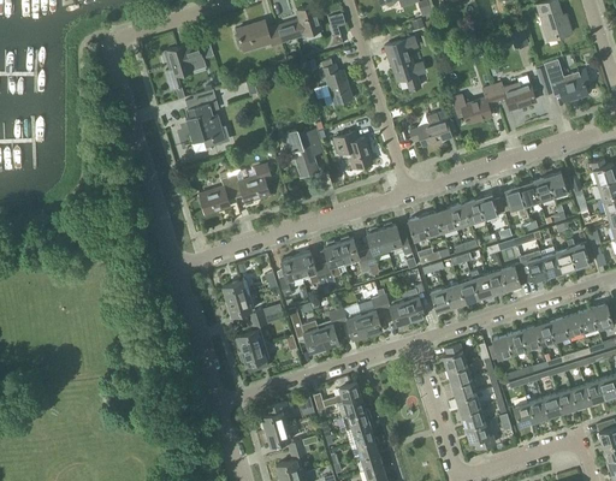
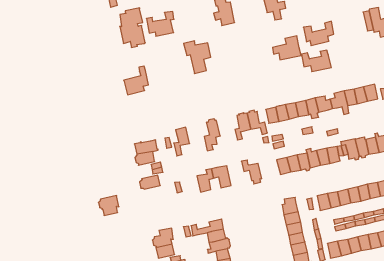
building: [492,77,537,109] -> [302,50,331,72]
building: [334,132,373,170] -> none
building: [230,165,271,202] -> [146,12,174,36]
building: [338,236,372,274] -> none
building: [295,250,328,289] -> none
building: [402,284,427,323] -> none
building: [359,297,384,333] -> none
building: [289,308,324,351] -> none
building: [239,342,270,372] -> [98,196,119,215]

